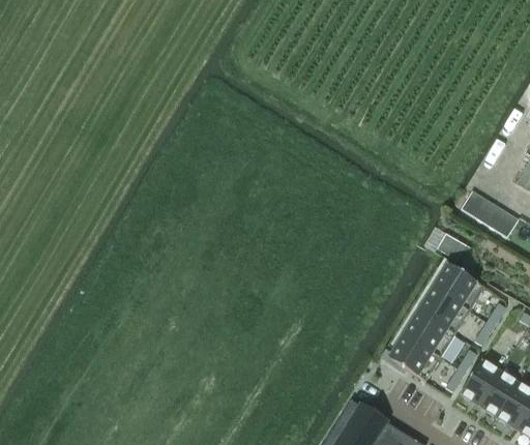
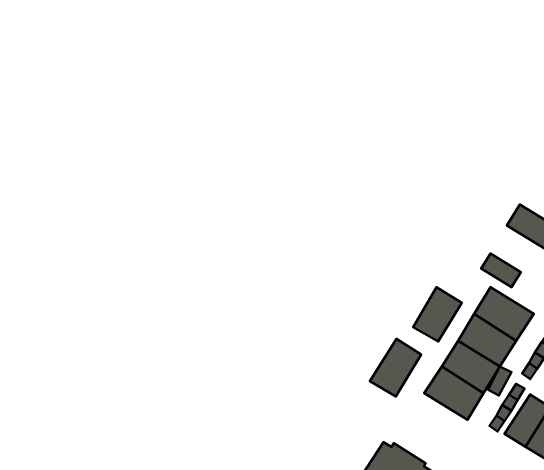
building: none -> [413,287,462,342]
building: none -> [370,339,421,397]

